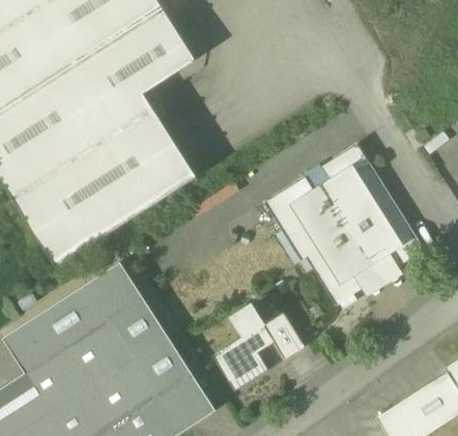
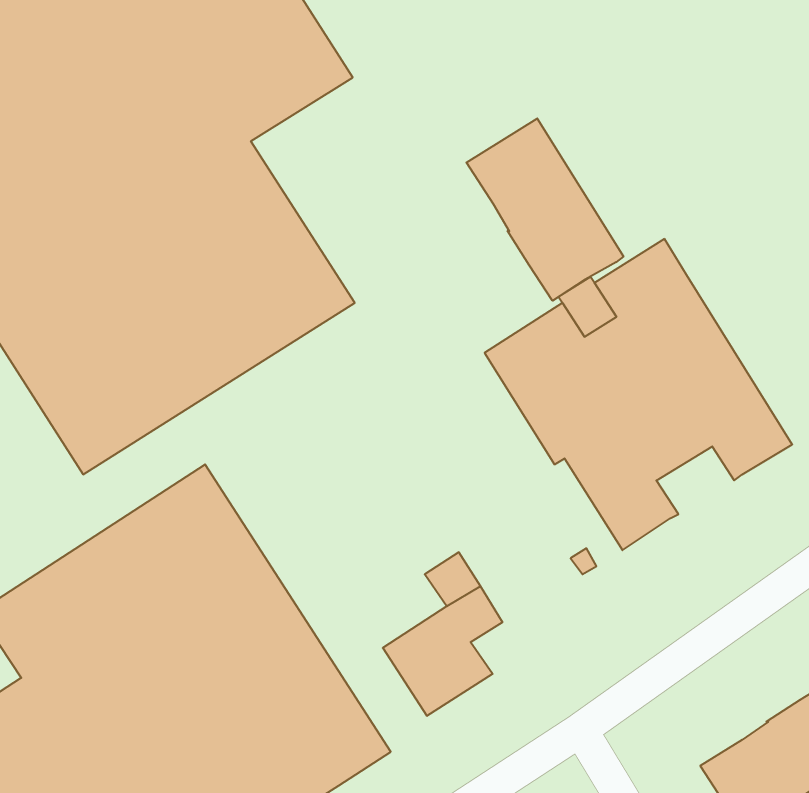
building: none -> [466,118,623,301]
building: [353,252,403,297] -> none
building: [262,311,305,359] -> none

